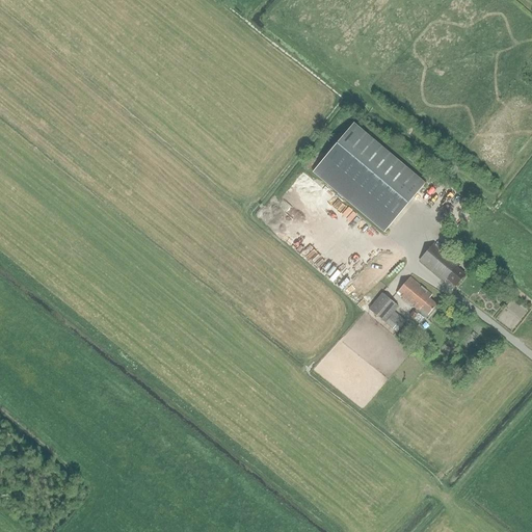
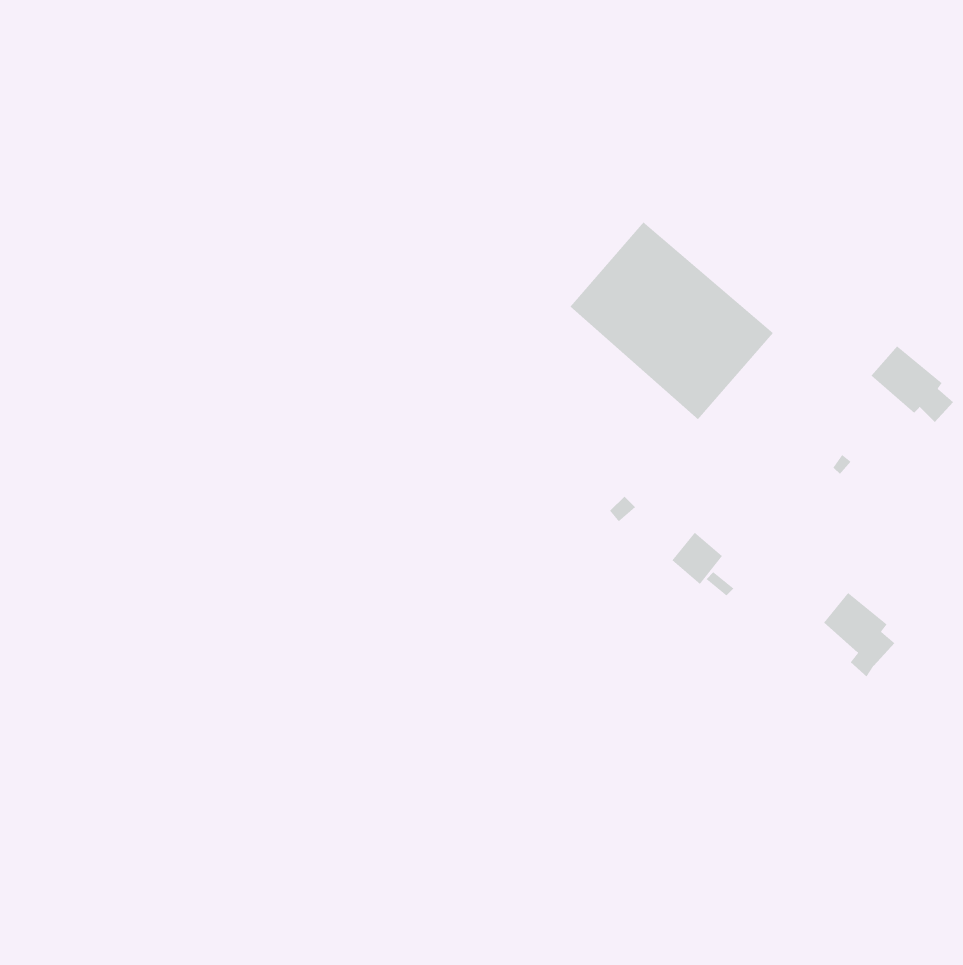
building: [418,243,463,286] -> [871,345,954,423]
building: [395,276,434,323] -> [823,592,895,677]

